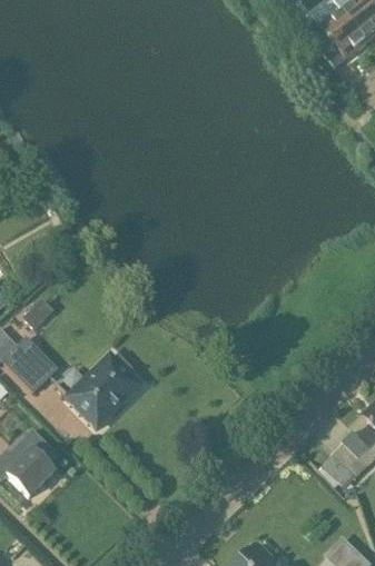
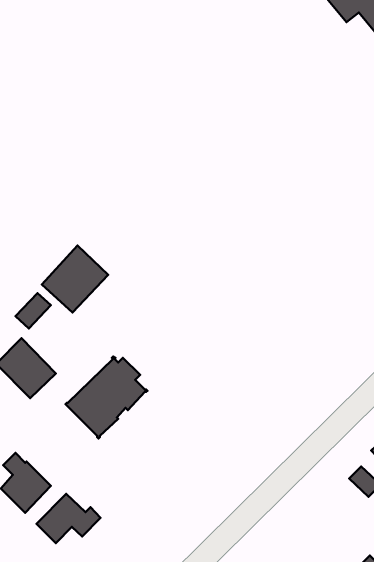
building: none -> [42,246,108,312]
building: none -> [36,494,101,543]

